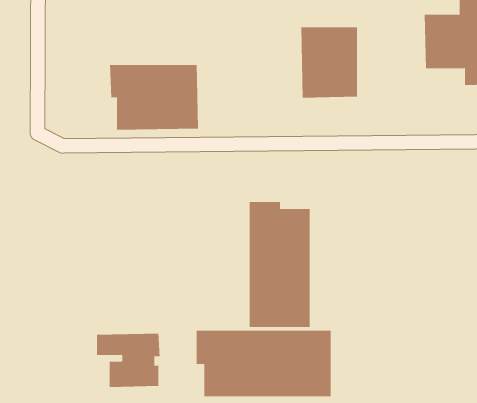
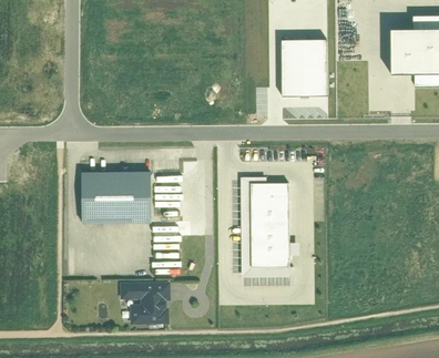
building: [109,64,199,130] -> [80,171,151,223]
building: [196,330,331,397] -> none

